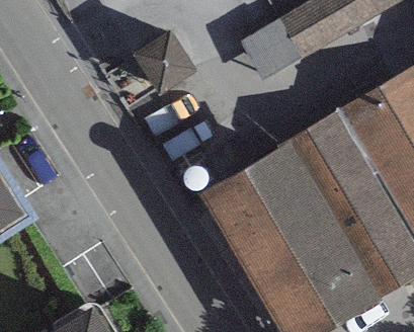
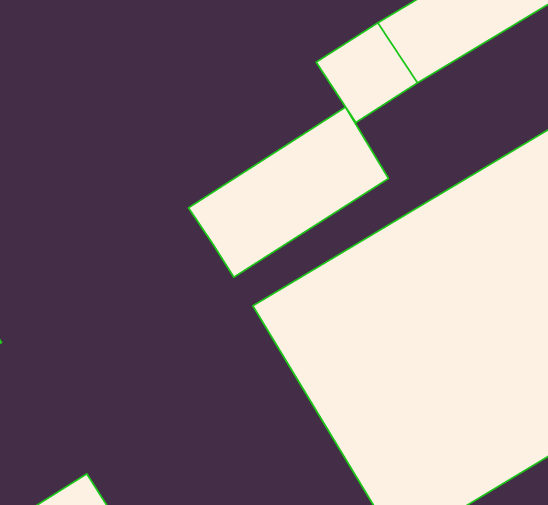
building: none -> [189,107,388,277]

